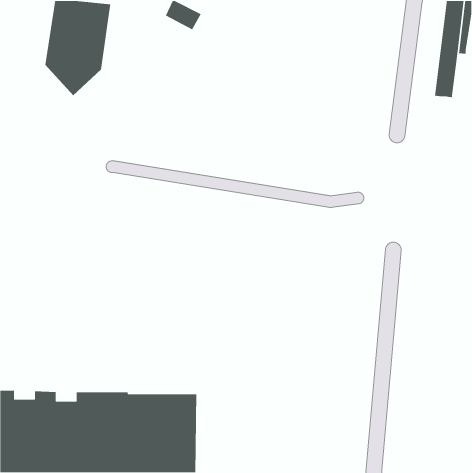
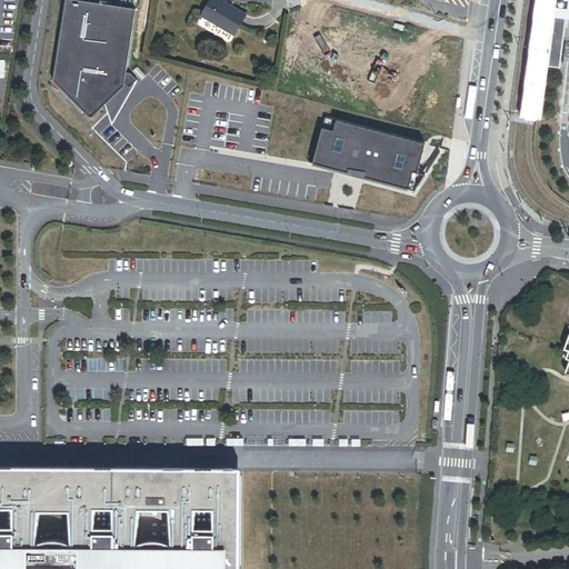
building: none -> [313,120,425,194]

